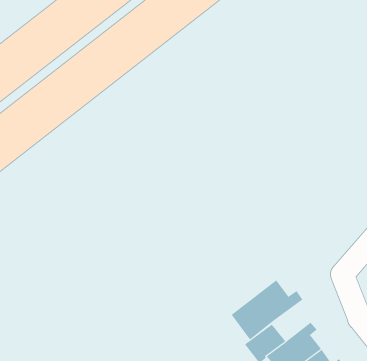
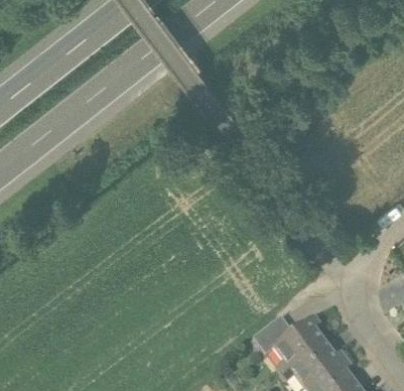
building: [231,280,303,340] -> none

